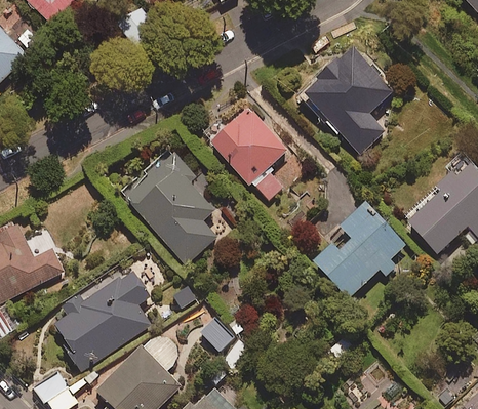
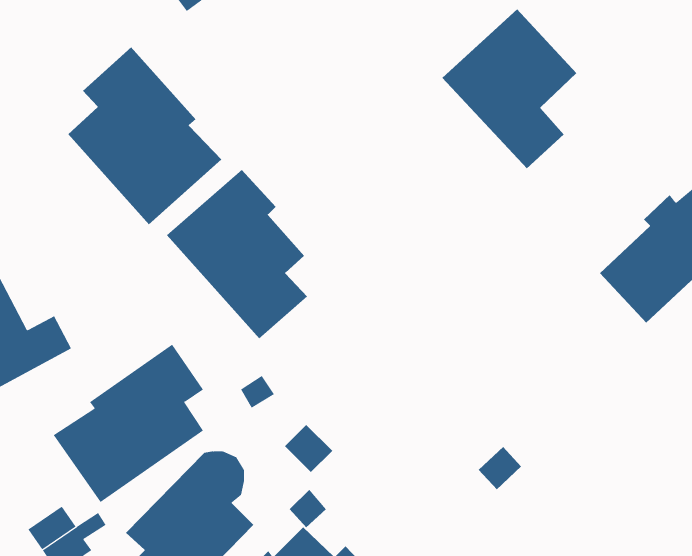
building: none -> [67,46,222,225]
building: [210,108,287,203] -> none
building: [314,203,405,298] -> none

